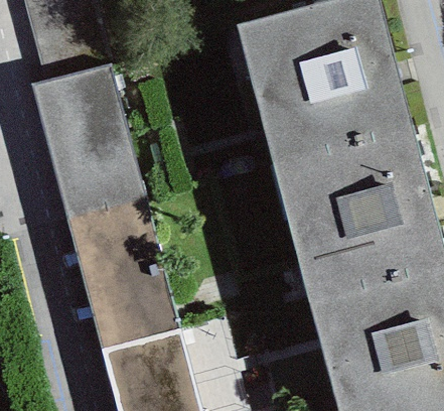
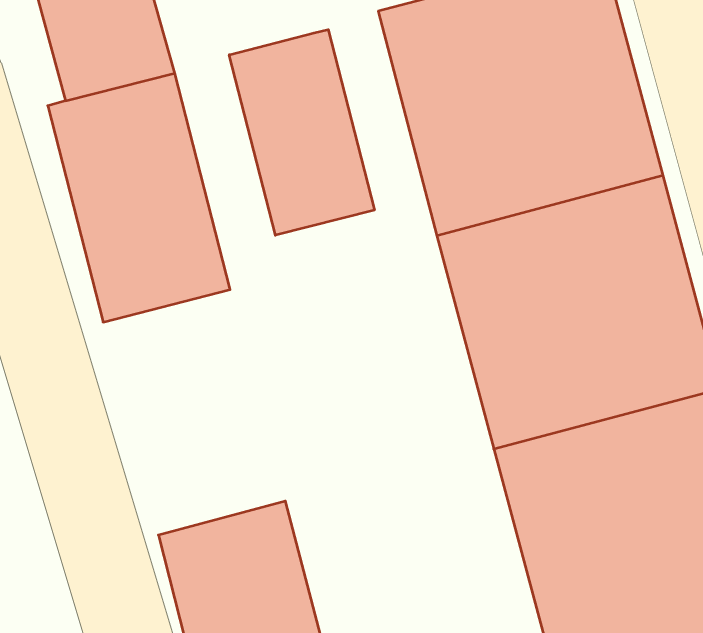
building: none -> [229,30,374,235]
building: [65,196,178,349] -> none

